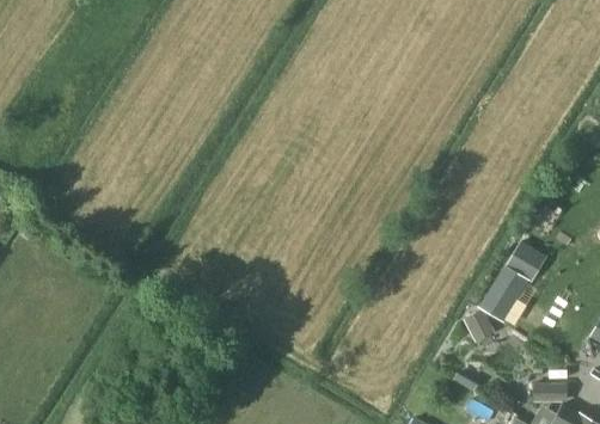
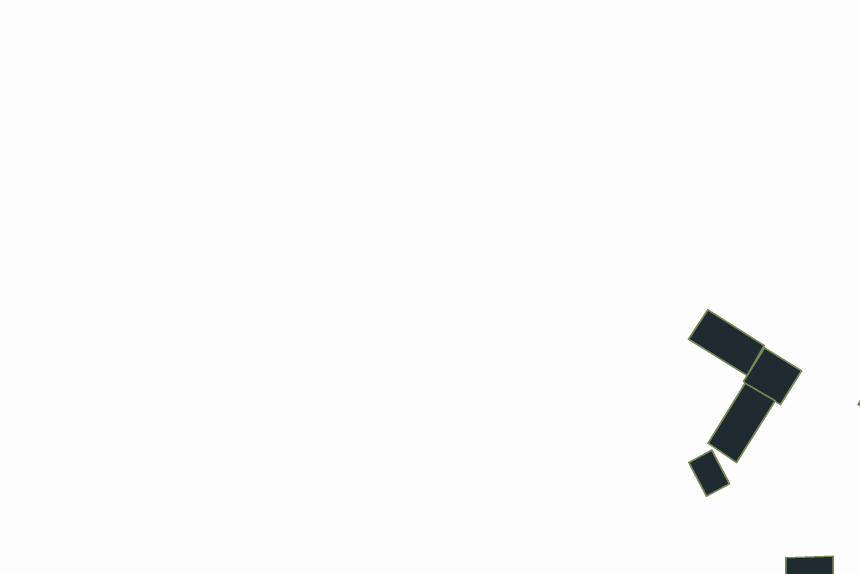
building: none -> [688,310,764,376]

